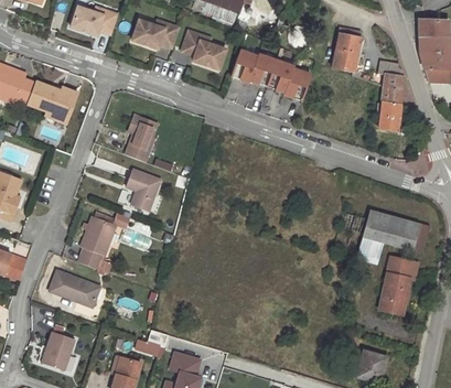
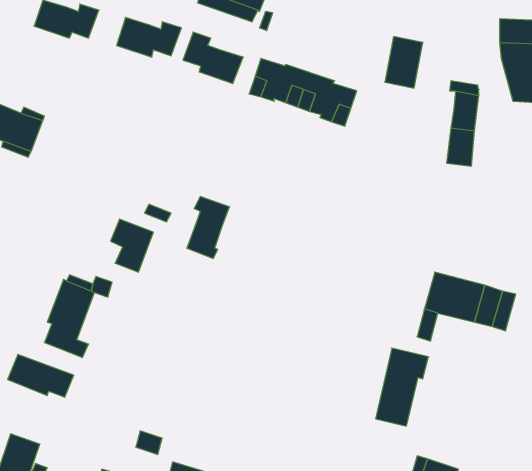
building: [125,116,157,162] -> [187,197,230,258]
building: [378,257,418,315] -> [376,348,429,426]

